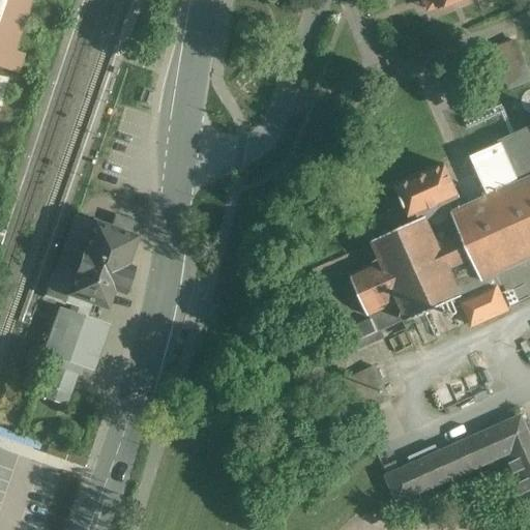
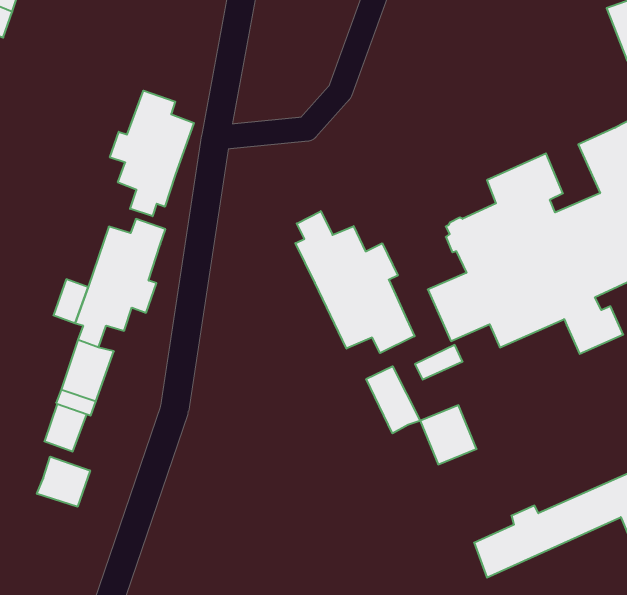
building: none -> [110,91,194,216]
building: none -> [295,211,415,353]
building: none -> [366,366,420,433]
building: none -> [37,457,90,507]

